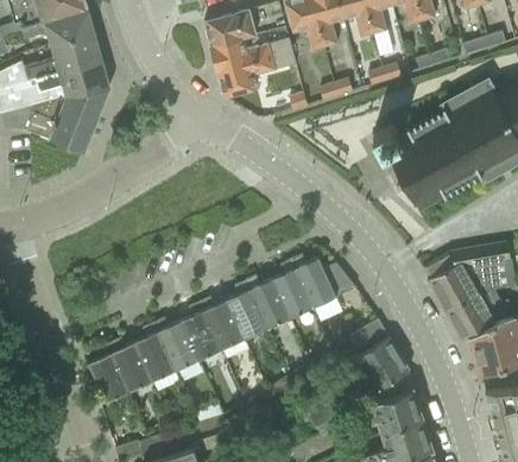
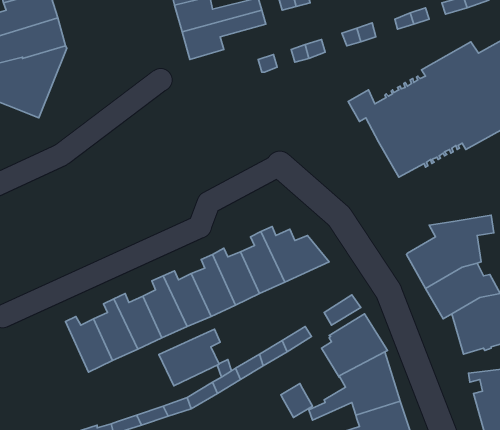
building: [88,343,130,401] -> none
building: none -> [159,329,220,386]

